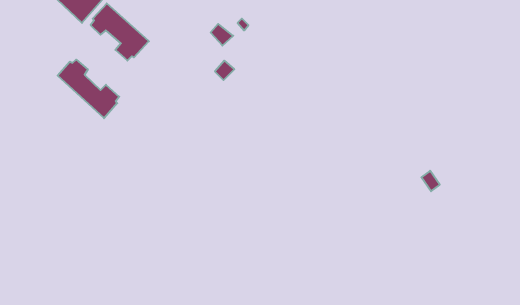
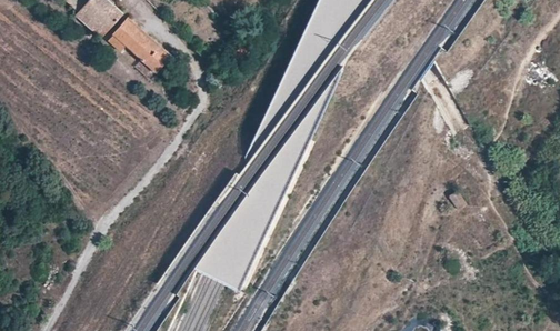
building: [58,60,119,118] -> none

